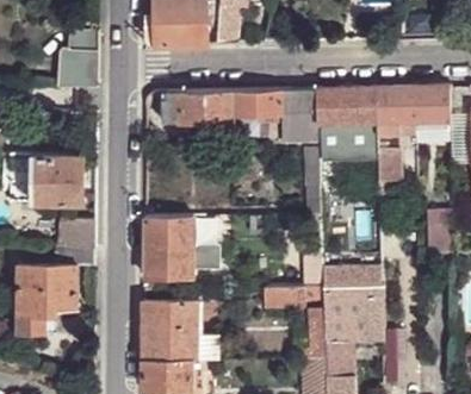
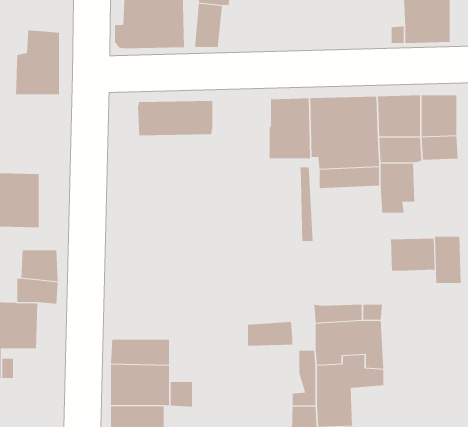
building: [231,90,281,115] -> none
building: none -> [391,238,435,272]
building: [142,218,191,277] -> none

